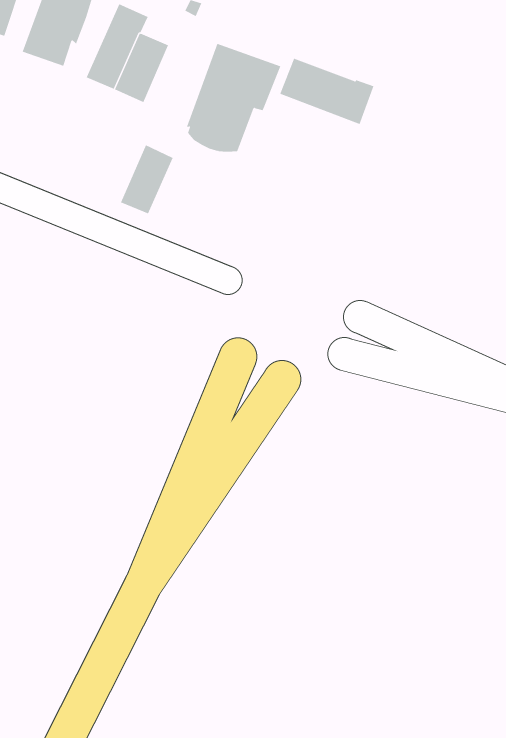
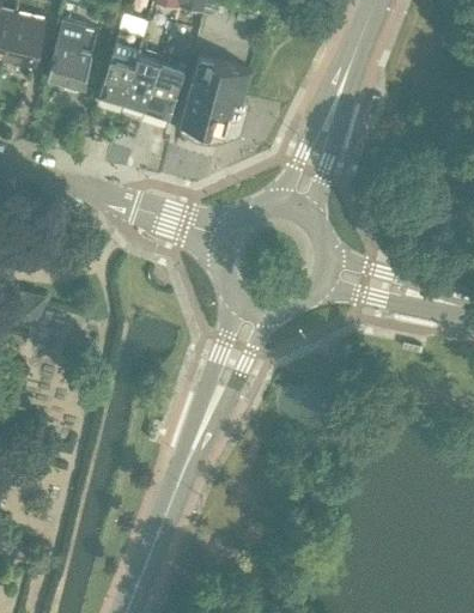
building: [280,58,374,125] -> none
building: [120,144,173,214] -> [146,62,184,116]

